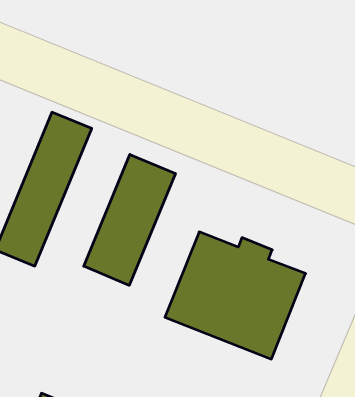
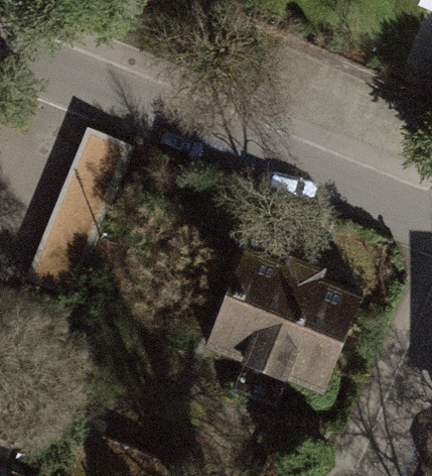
building: [84,154,175,285] -> none

